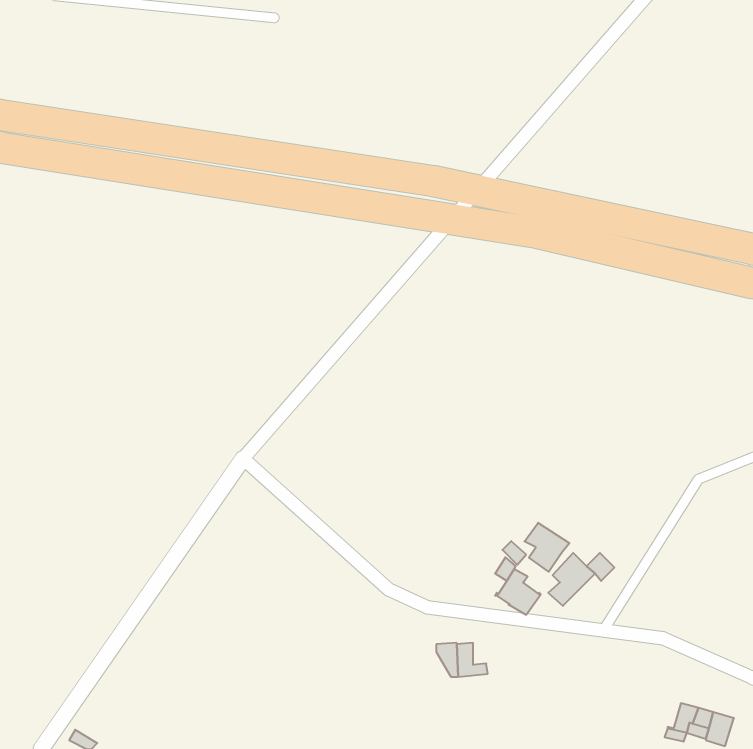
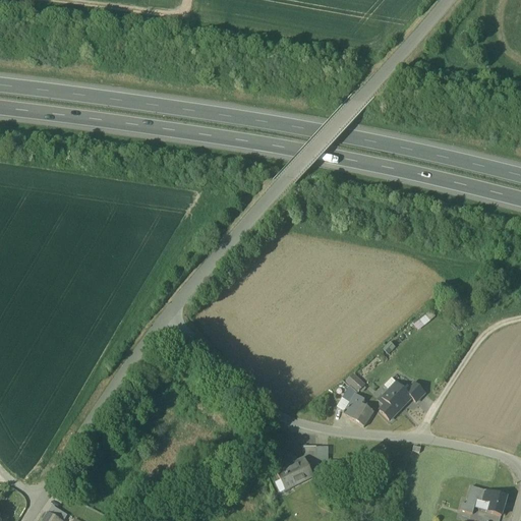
building: [524,523,569,572] -> none
building: none -> [277,457,312,487]

